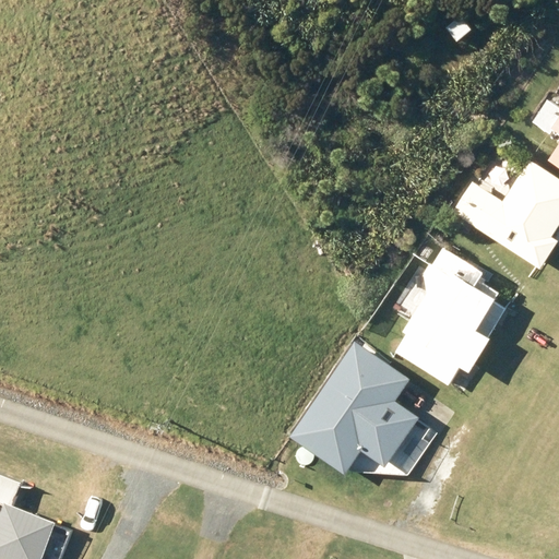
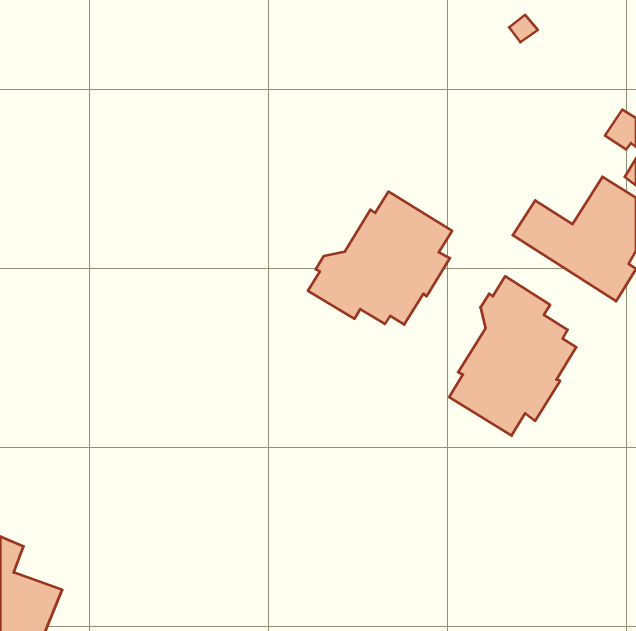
building: none -> [308,192,452,325]
building: [289,342,419,475] -> none

